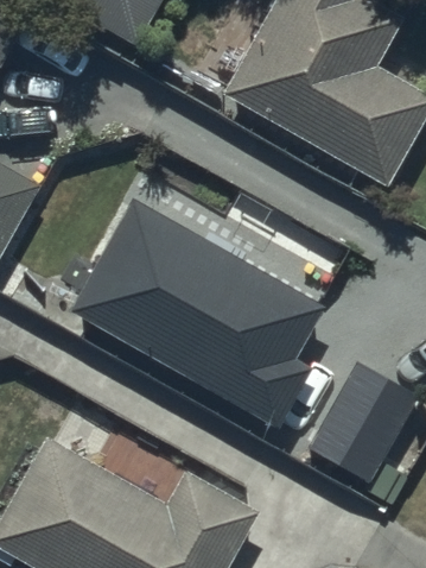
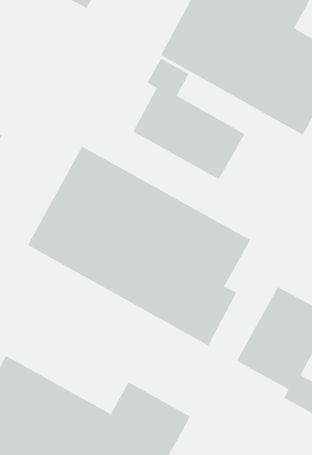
building: none -> [132,58,245,180]

